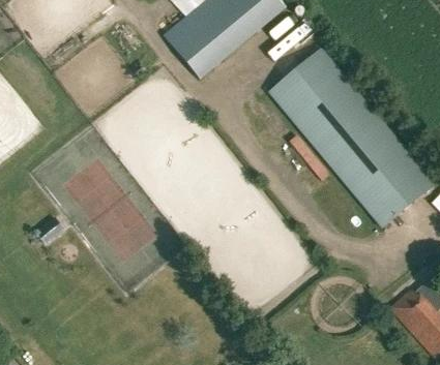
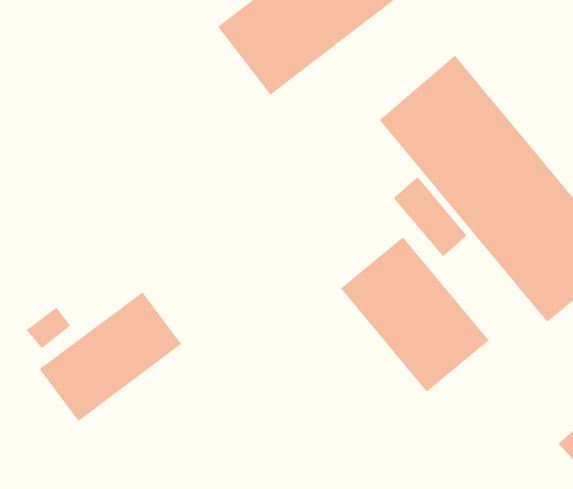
building: none -> [340,236,489,392]
building: none -> [39,291,182,422]

